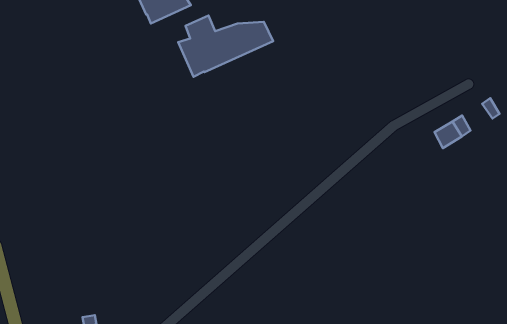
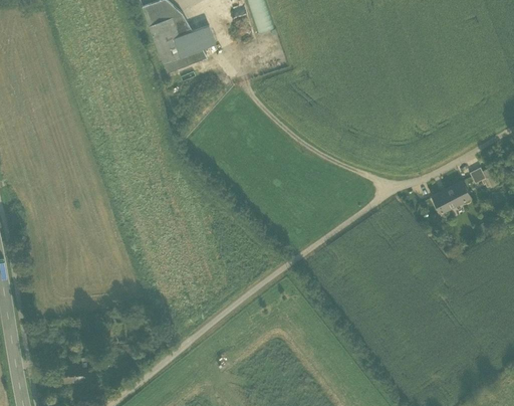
building: [178,15,273,77] -> none

